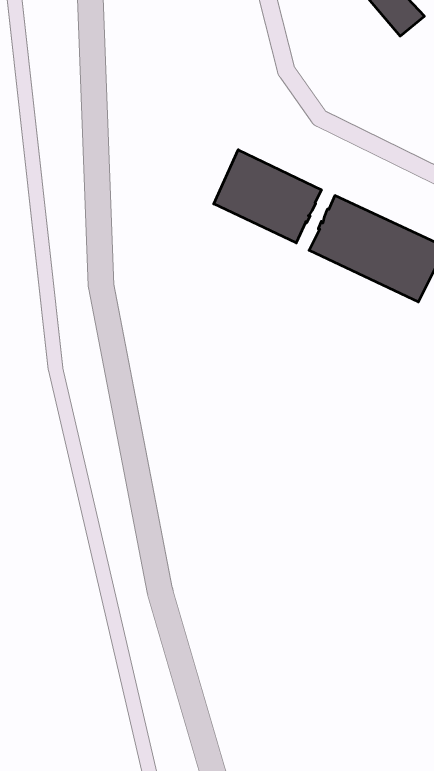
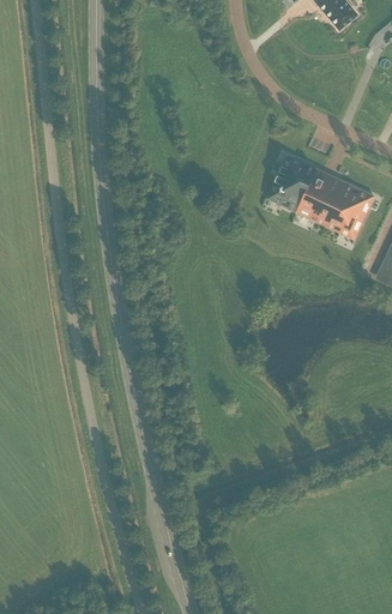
building: [214,150,321,243] -> none

